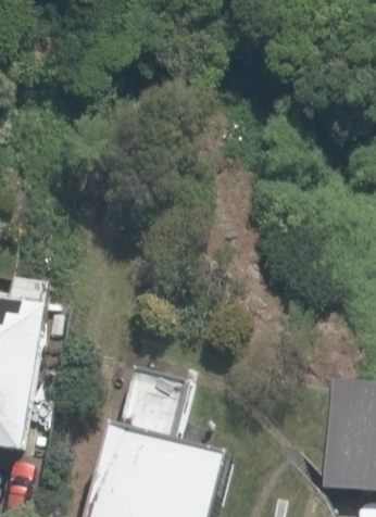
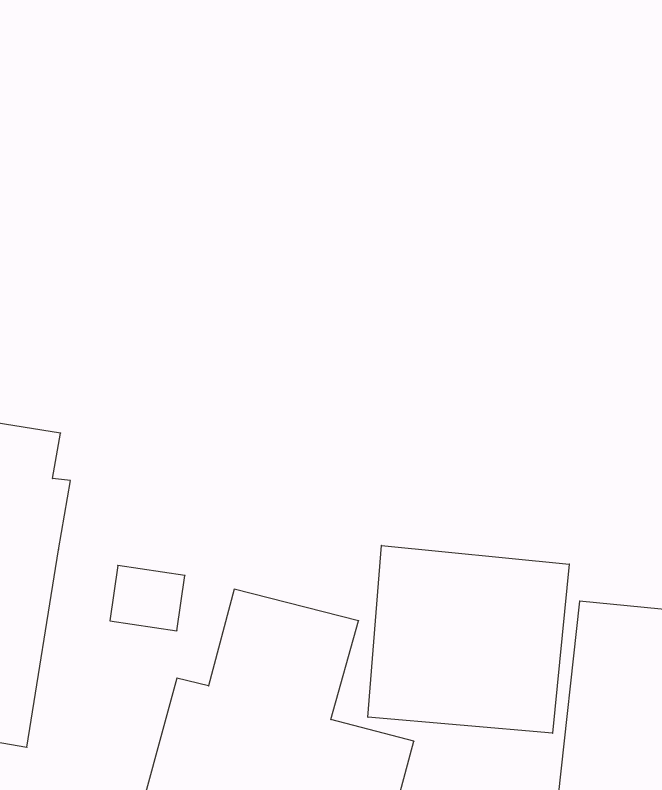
building: none -> [368,545,569,733]

